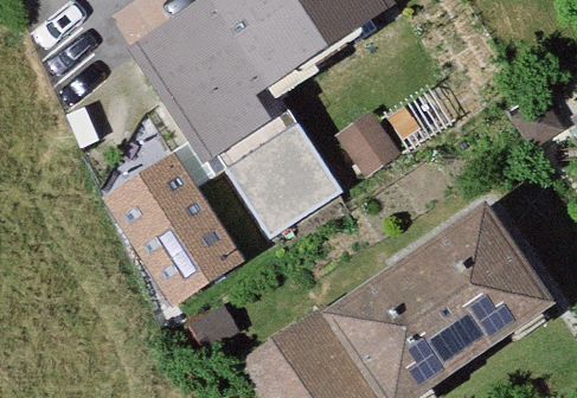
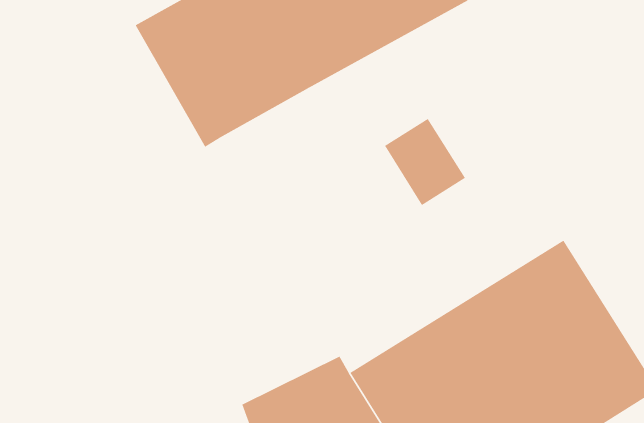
building: [207,90,340,236] -> none
building: [107,158,242,309] -> none

